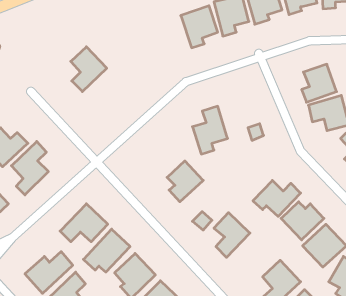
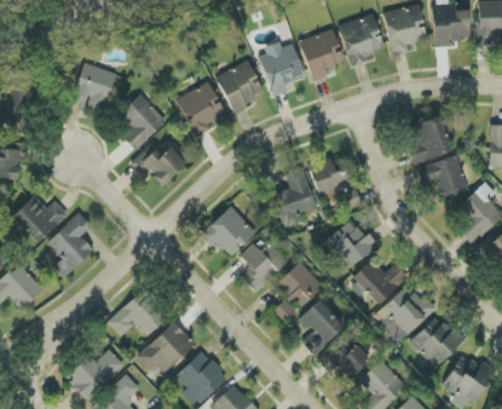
building: none -> [215,61,265,111]
building: none -> [71,63,115,111]
building: none -> [174,81,225,138]
building: none -> [129,144,185,185]
building: none -> [310,154,357,196]
building: none -> [200,206,255,257]
building: none -> [323,221,379,270]
building: none -> [276,261,323,309]
building: none -> [317,345,370,381]

